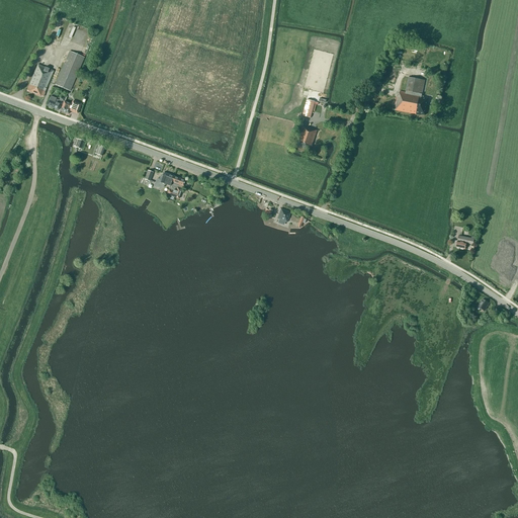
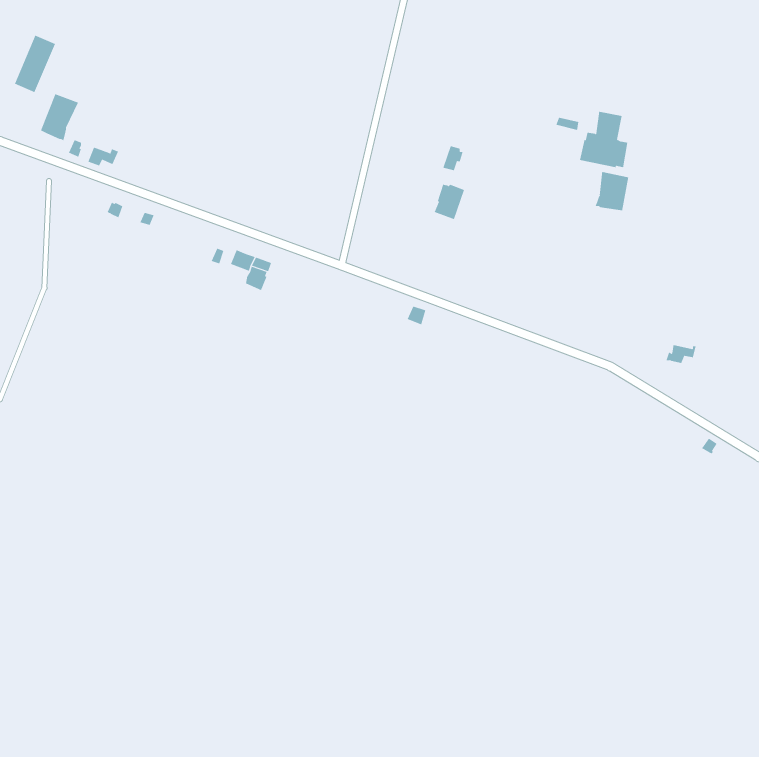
building: [56,51,84,90] -> [14,35,56,93]
building: none -> [595,171,629,211]

